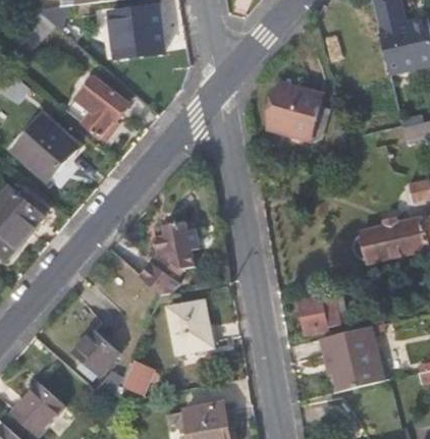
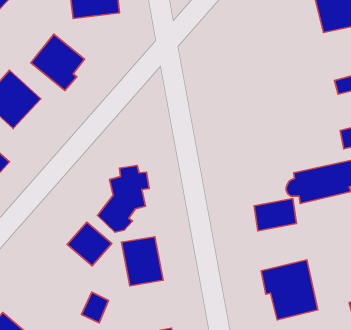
building: [267,80,323,140] -> none
building: [301,295,347,331] -> [254,198,297,231]
building: [71,328,120,376] -> [67,222,112,266]

